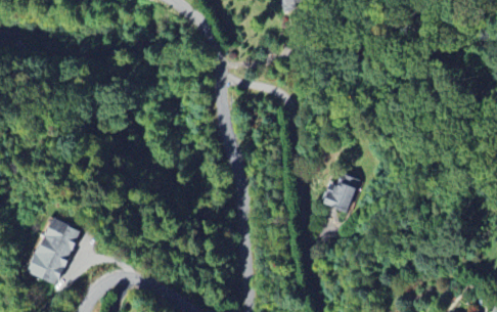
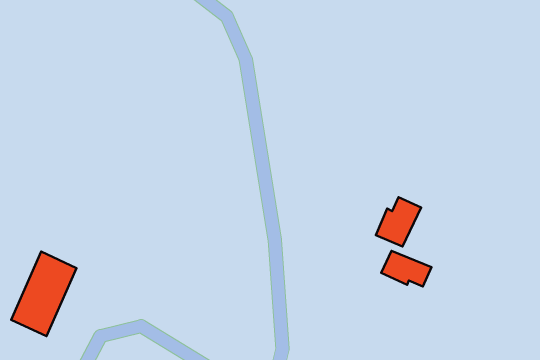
building: none -> [381,251,431,286]

